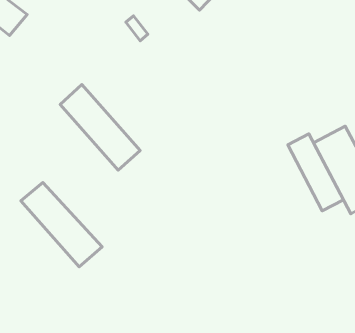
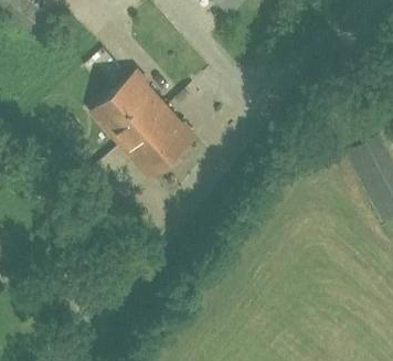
building: [288,134,343,211] -> none
building: [21,182,102,267] -> [111,72,193,157]

